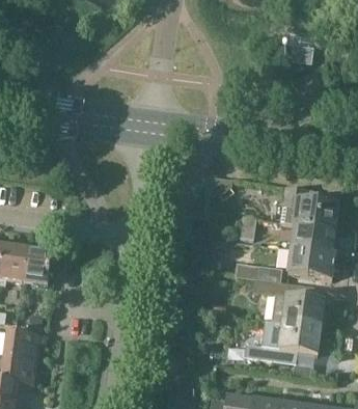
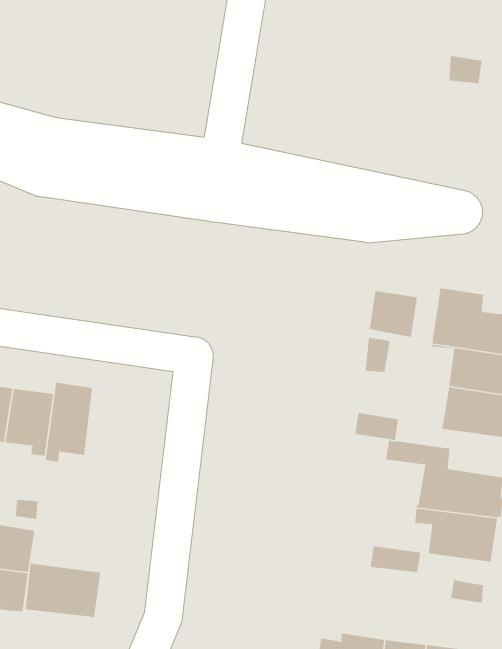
building: none -> [369,290,418,338]
building: none -> [45,382,93,463]
building: none -> [25,563,101,619]

